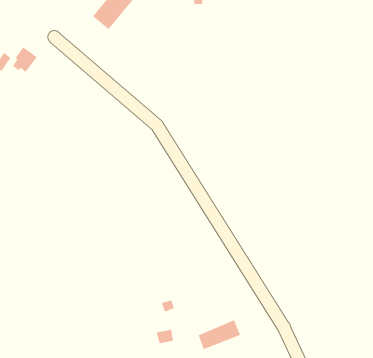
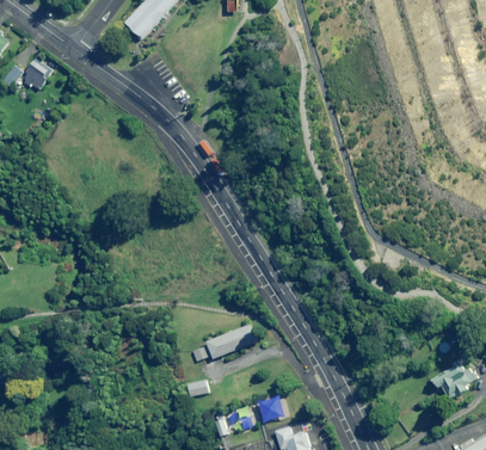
building: [198,319,241,350] -> [210,325,259,359]

